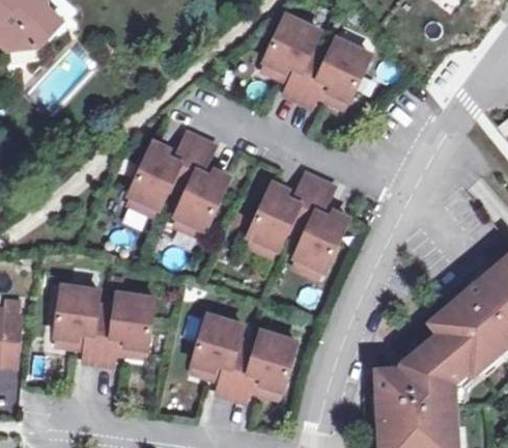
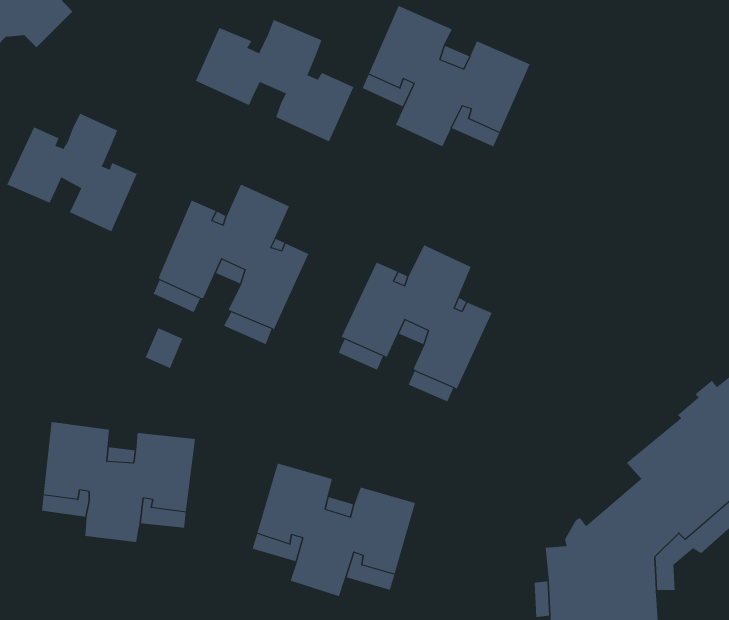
building: none -> [195,19,354,142]
building: none -> [7,113,138,232]

